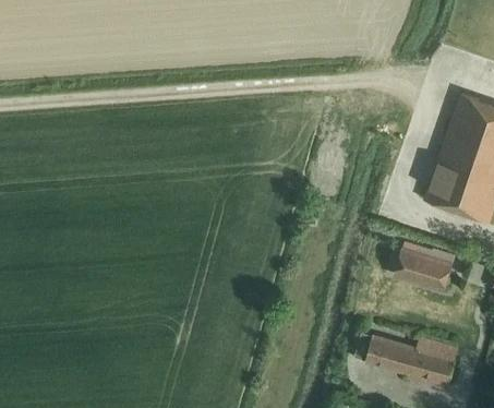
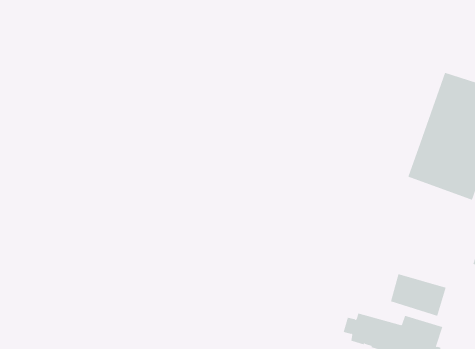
building: [396,248,453,291] -> [390,273,446,317]

